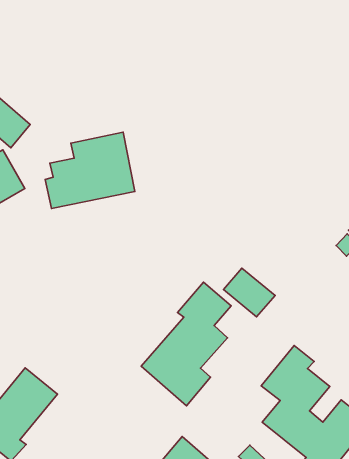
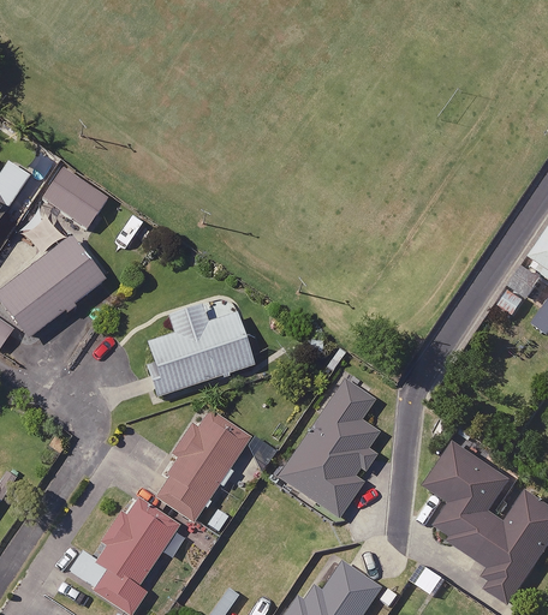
building: [45,132,135,208] -> [142,293,254,396]
building: [223,268,275,317] -> none
building: none -> [156,408,249,521]

